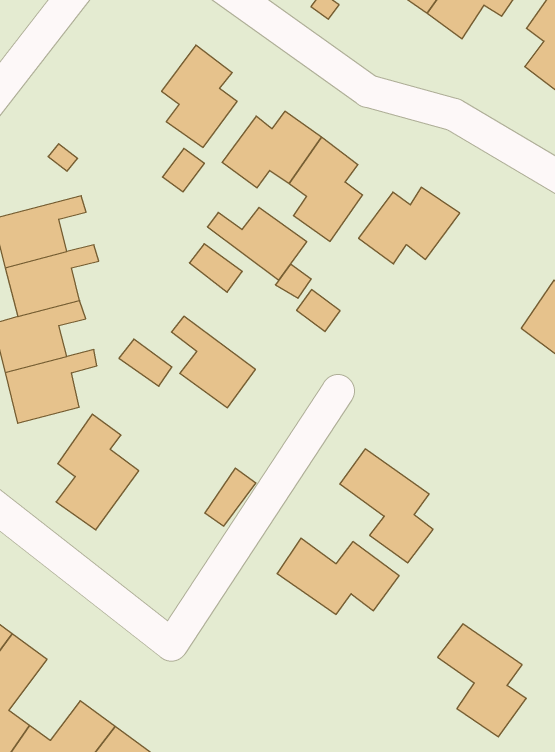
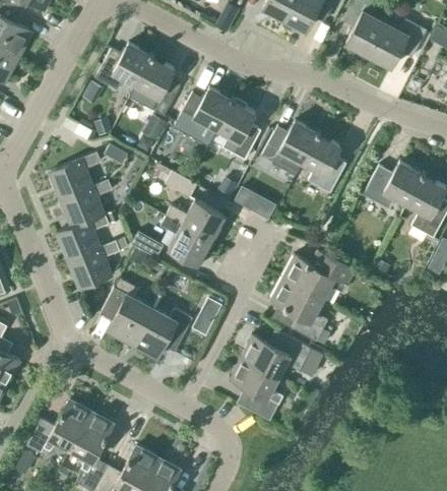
building: none -> [94,43,151,90]
building: [207,207,307,280] -> [166,199,225,240]
building: none -> [302,133,346,193]
building: none -> [281,255,354,299]
building: none -> [131,308,192,359]
building: [438,624,526,737] -> [228,357,282,420]

